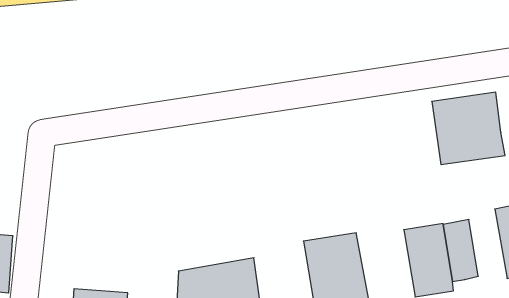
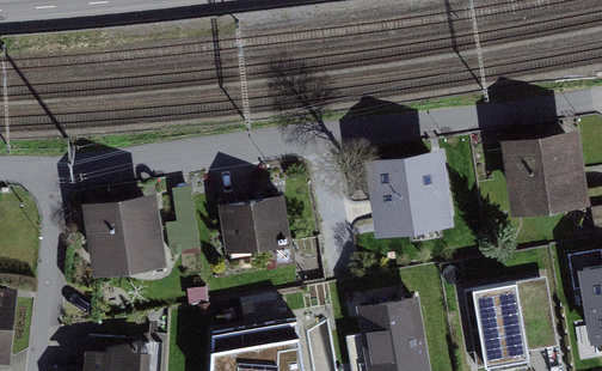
building: none -> [370,158,453,238]
building: none -> [91,202,167,279]
building: none -> [227,205,293,254]

